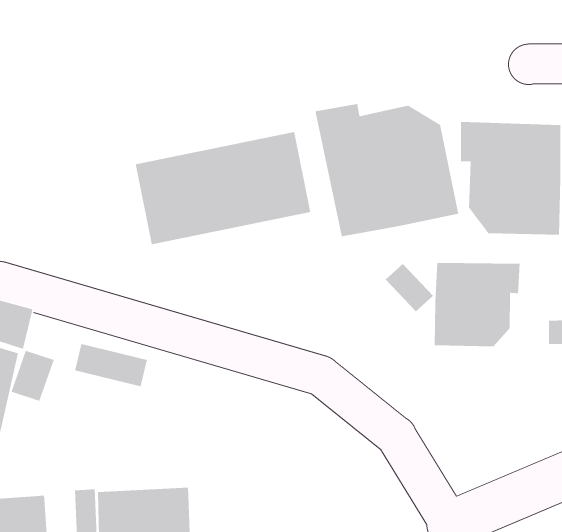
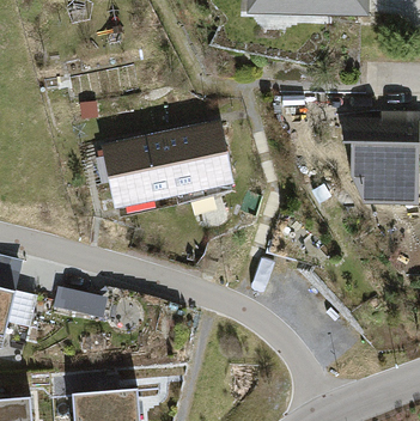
building: [314,103,459,237] -> none
building: [434,262,520,347] -> none

